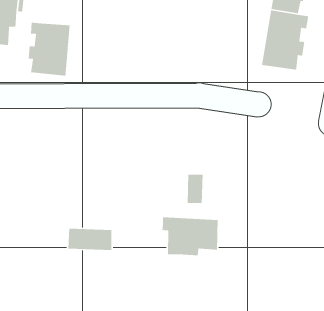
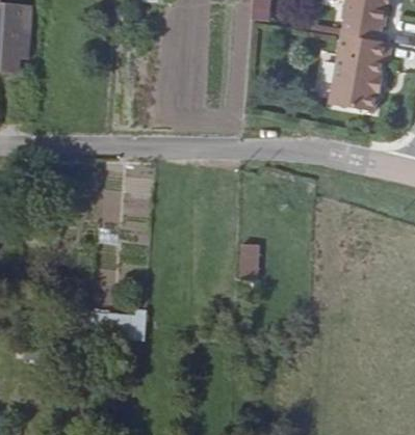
building: [28,22,70,77] -> none
building: [162,217,218,256] -> none

